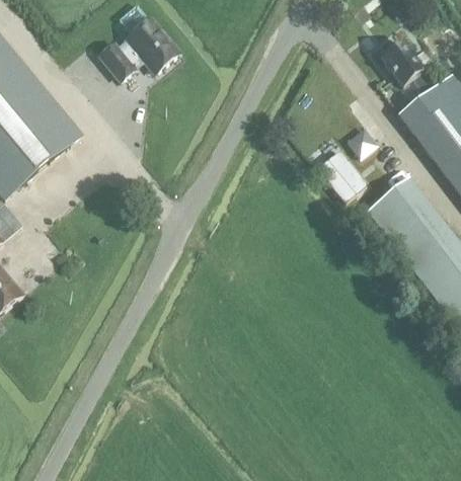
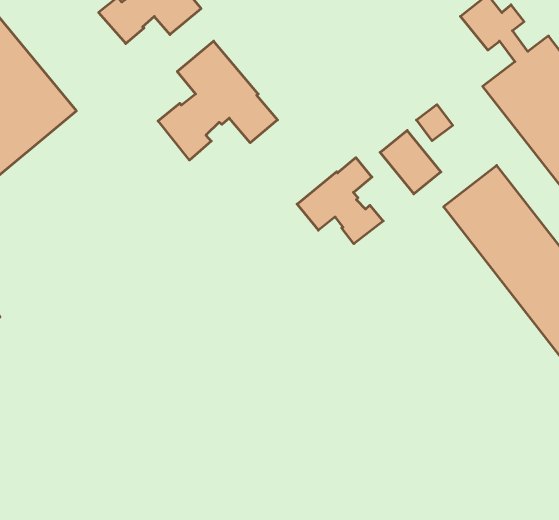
building: none -> [158,41,278,160]
building: none -> [297,158,383,244]

